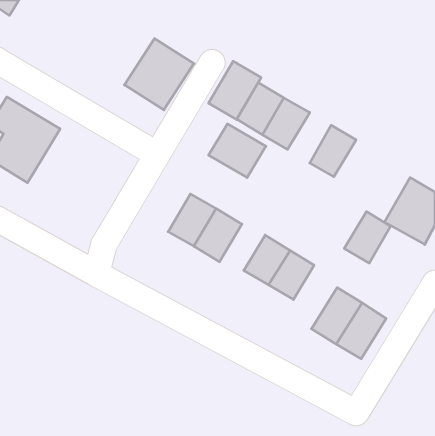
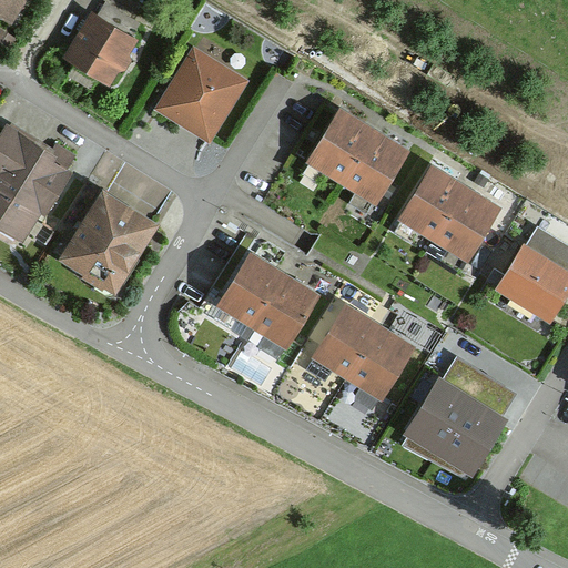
building: none -> [67,19,141,92]
building: [209,61,261,120] -> none
building: [209,124,266,178] -> none
building: none -> [70,196,163,298]
building: [344,212,391,263] -> [432,184,491,251]

